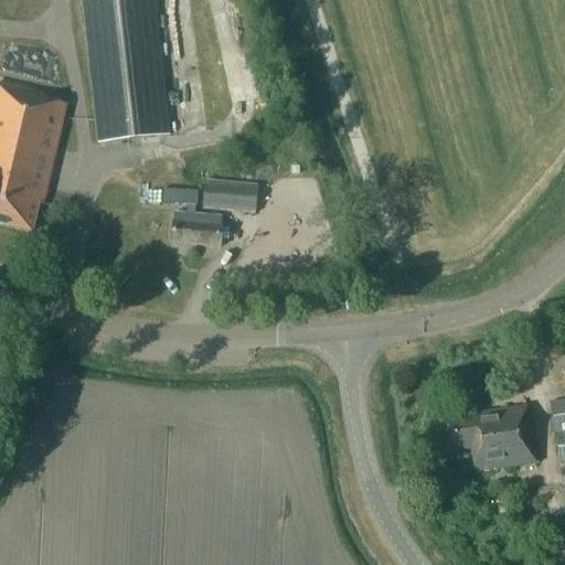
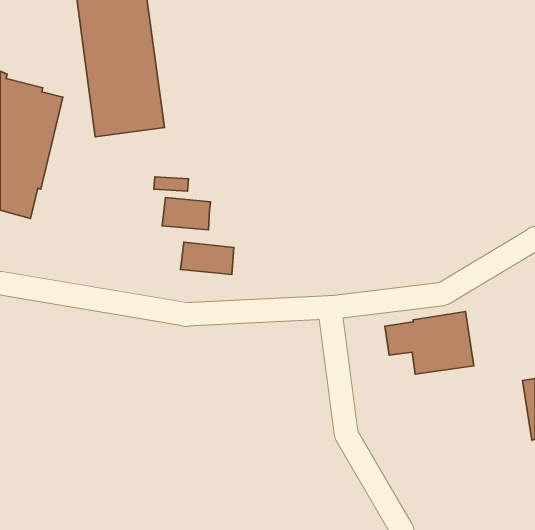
building: [202,177,258,211] -> [181,242,234,275]
building: [441,402,535,468] -> [385,311,474,374]

